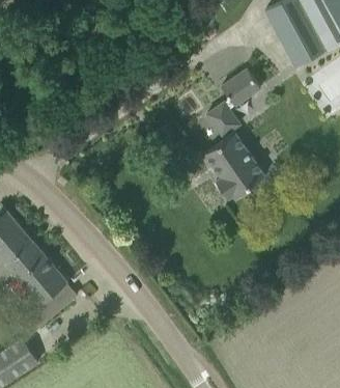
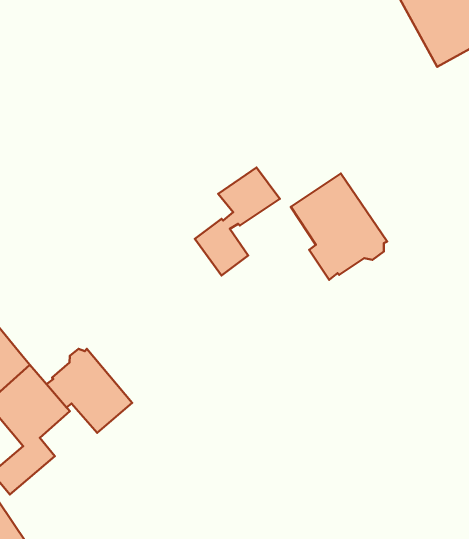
building: [207,71,260,138] -> [195,167,280,276]
building: none -> [46,349,132,433]

